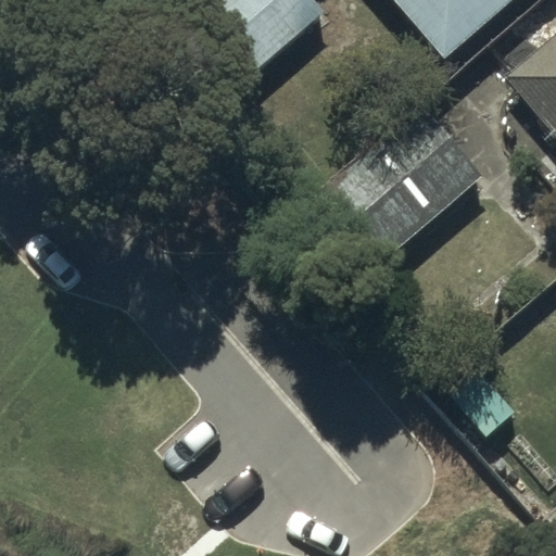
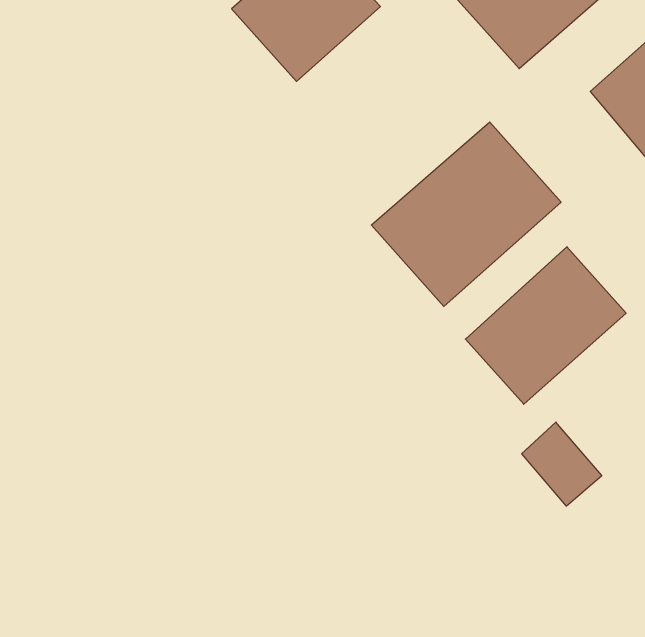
building: none -> [465,247,626,404]

